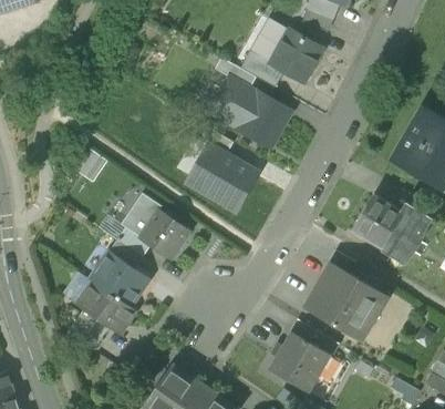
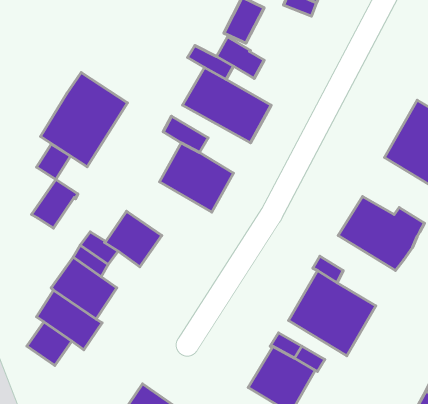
building: [270,30,322,82] -> none
building: none -> [41,72,128,167]
building: [120,192,162,236] -> [32,179,78,228]

